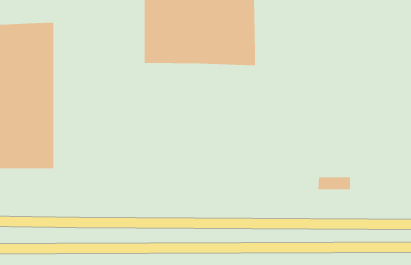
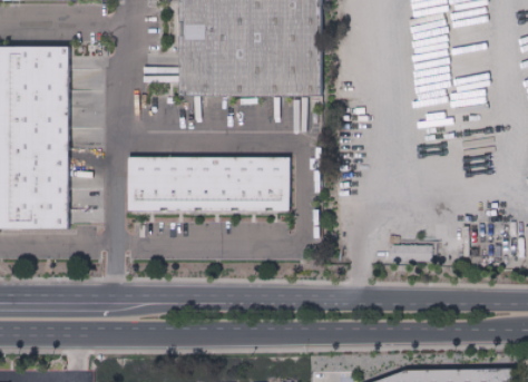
building: none -> [133,157,289,214]

